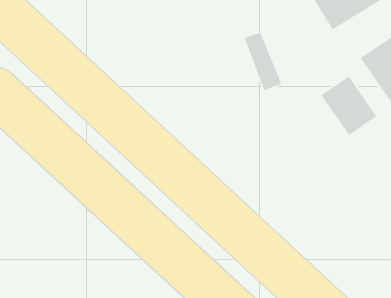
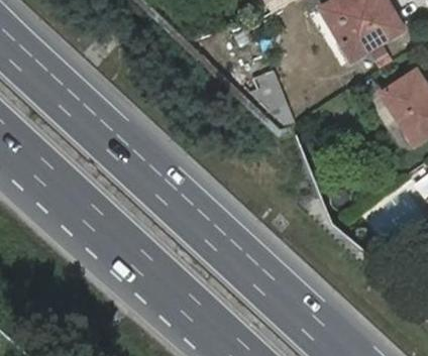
building: [321,76,377,136] -> none

